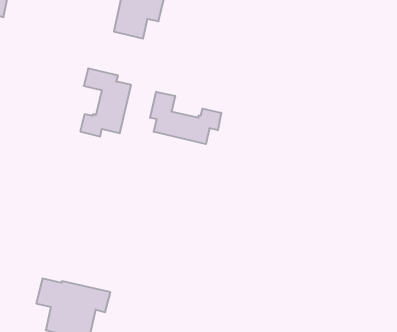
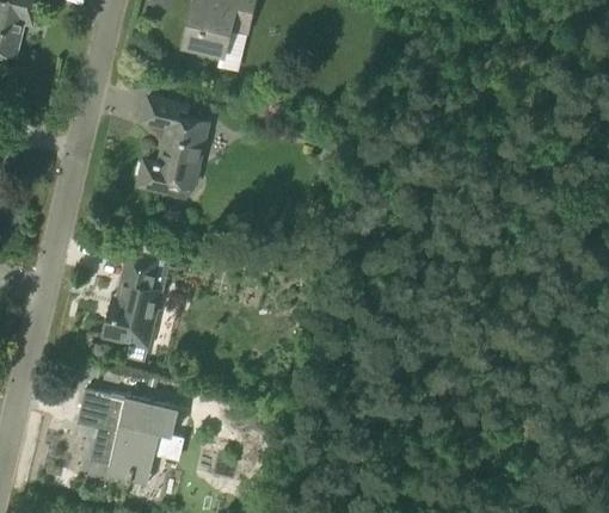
building: [150,92,221,144] -> none
building: none -> [102,253,161,350]

